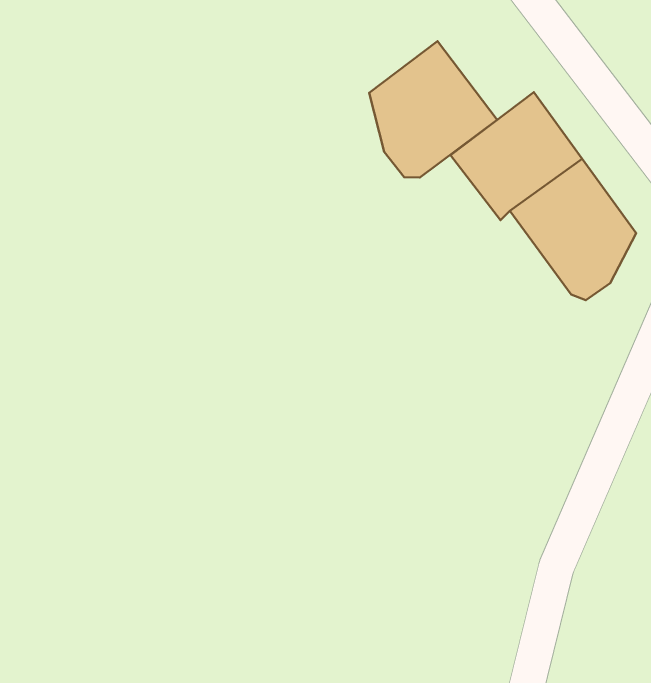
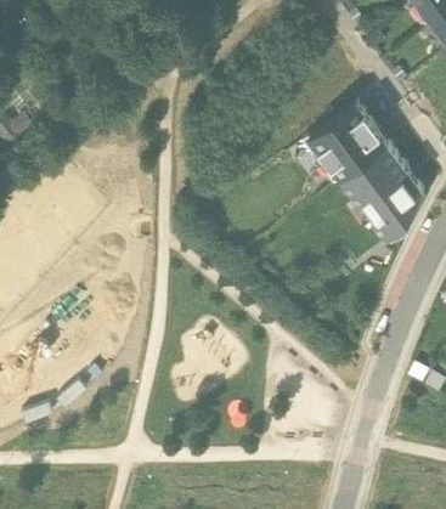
building: [369,41,497,178] -> none

